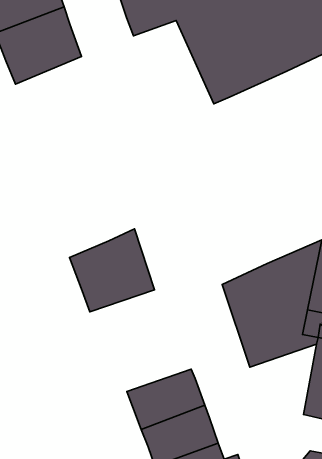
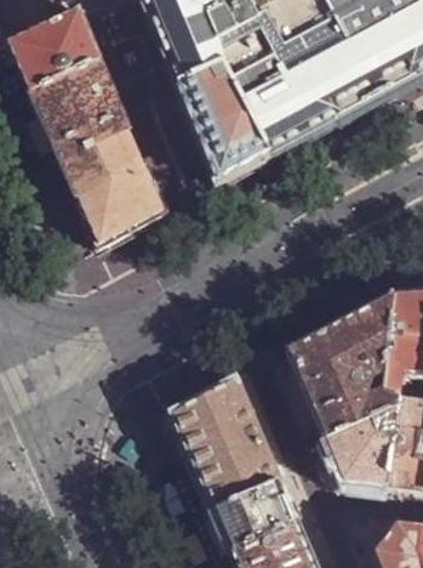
building: none -> [178,66,269,181]
building: none -> [55,110,164,245]
building: [70,229,154,312] -> [168,376,262,468]
building: none -> [325,405,395,482]

